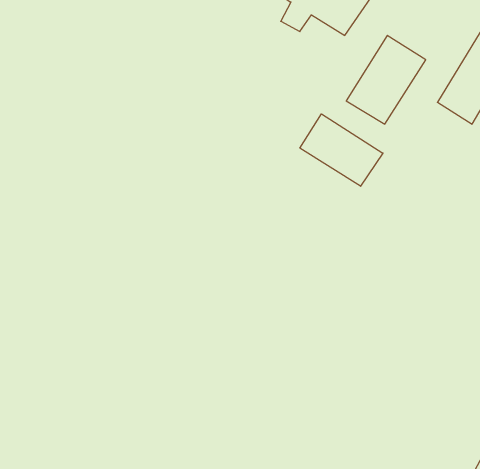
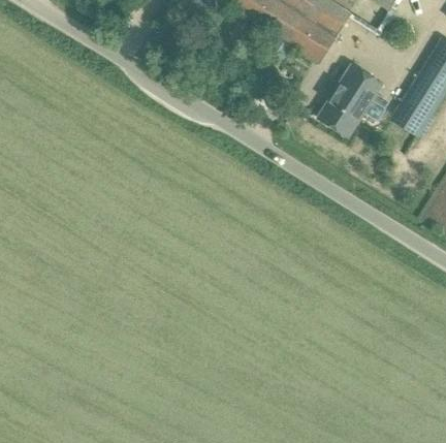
building: [300,114,383,186] -> none

